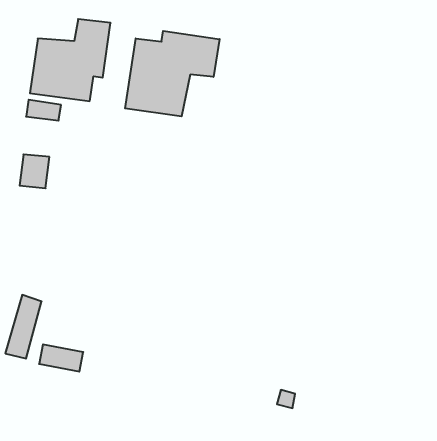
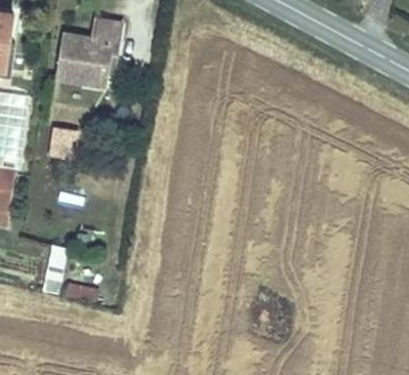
building: [125,31,220,116] -> none

